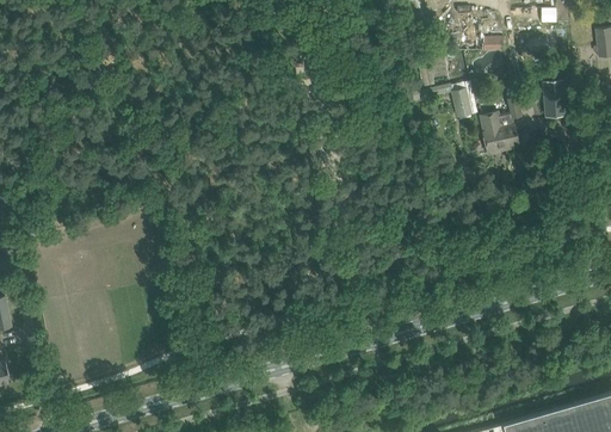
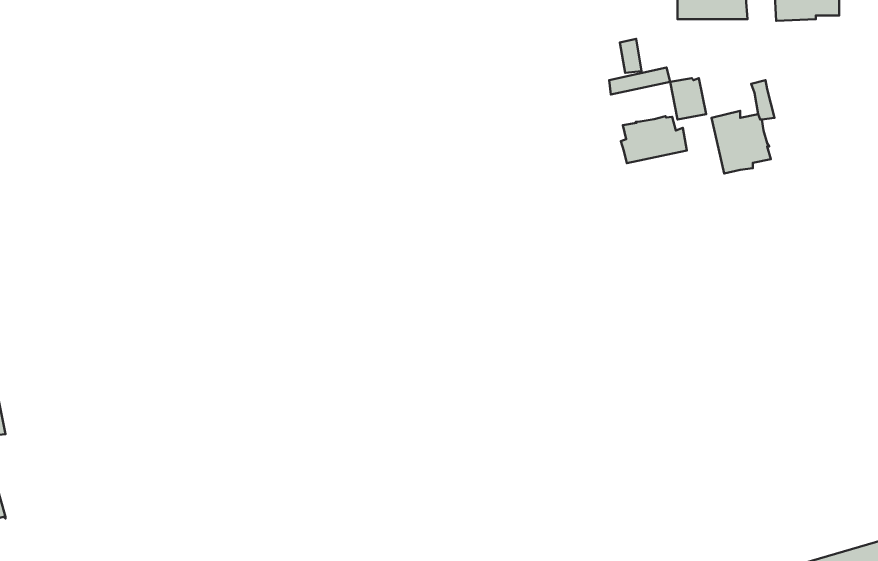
building: [544,82,566,117] -> none
building: none -> [621,116,687,163]

